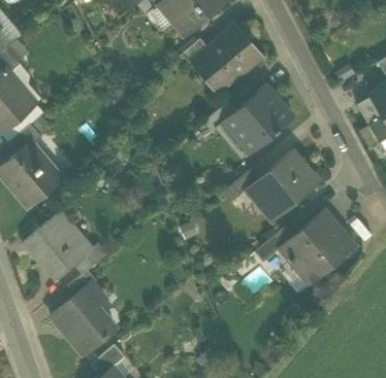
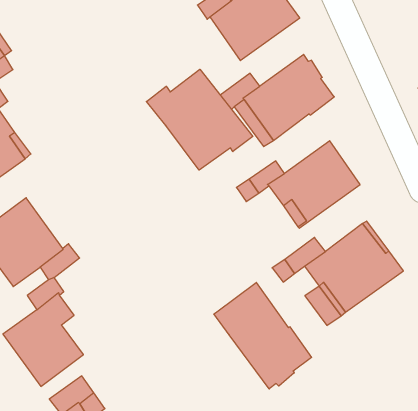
building: none -> [146,69,253,170]
building: none -> [214,282,312,389]

